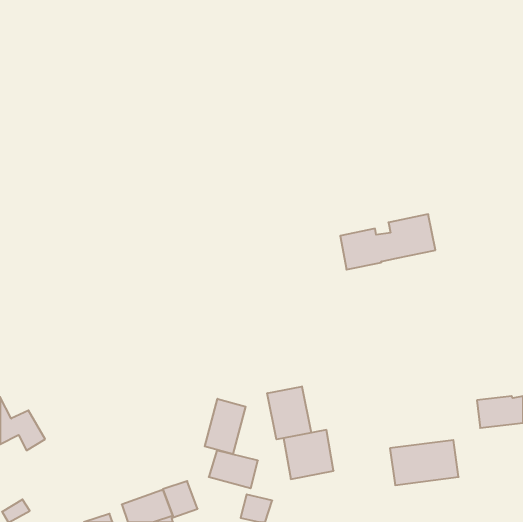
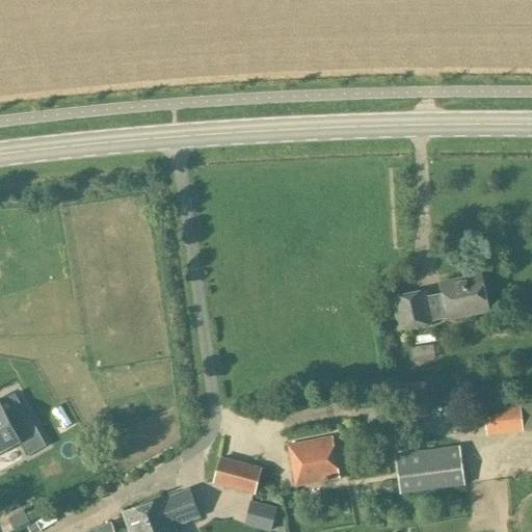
building: [340,214,435,270] -> [392,274,488,330]
building: [267,386,311,439] -> none
building: [205,399,246,454] -> none

